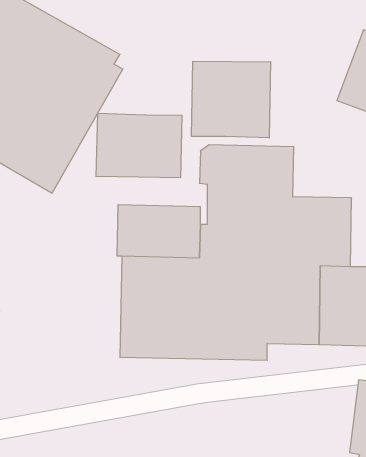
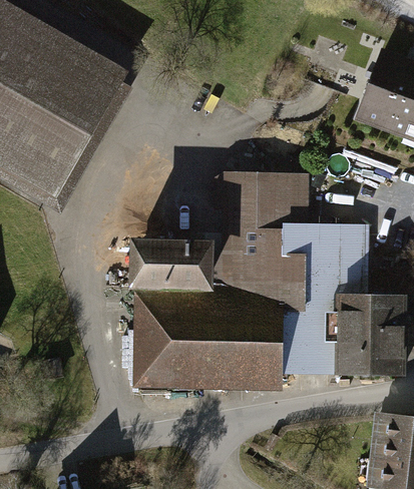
building: [191,61,271,138] -> none
building: [96,113,182,178] -> none

